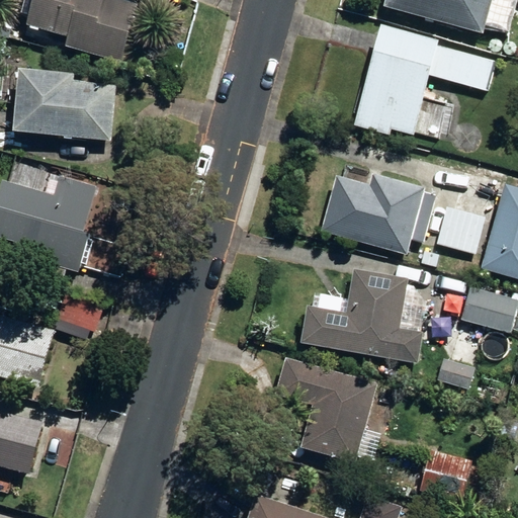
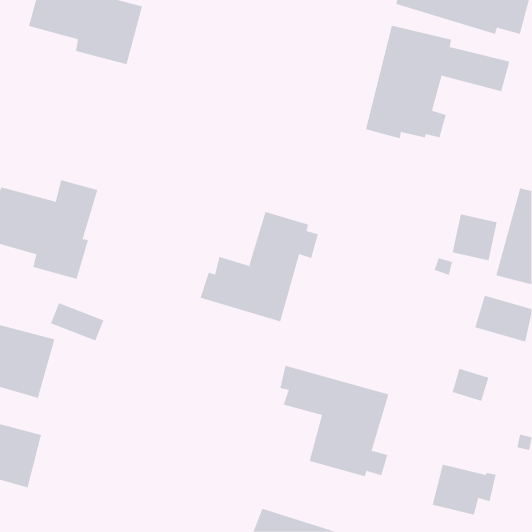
building: [16,72,118,144] -> none
building: [320,173,436,255] -> none
building: none -> [200,211,319,322]
building: [300,271,422,362] -> none

